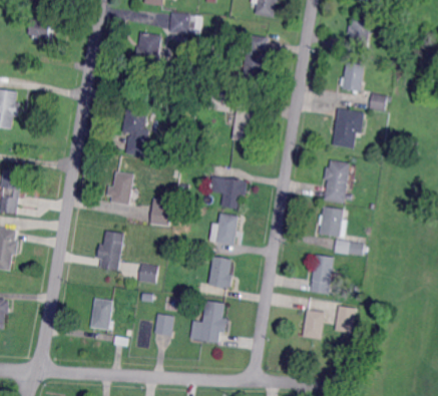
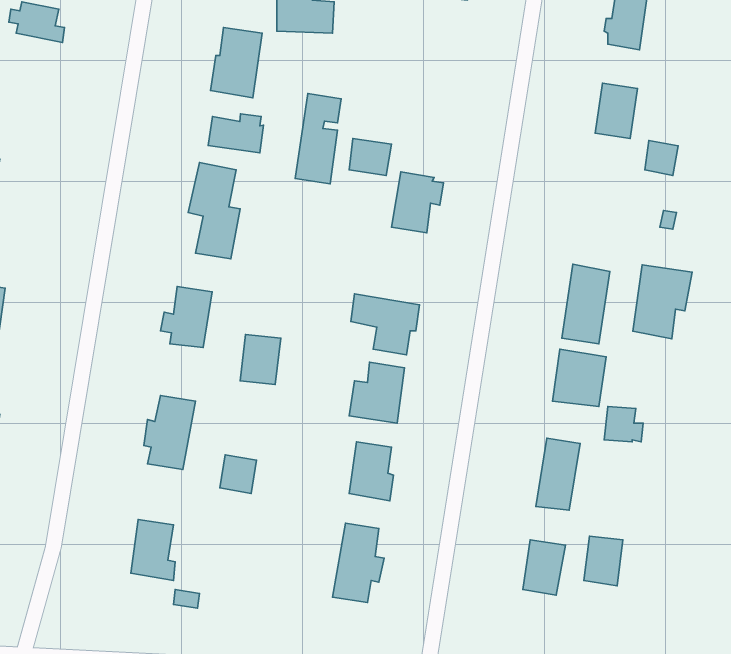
building: [242,34,267,83] -> [295,93,341,184]
building: none -> [208,114,264,153]
building: [333,108,365,148] -> [633,265,692,339]
building: [153,313,174,336] -> none

